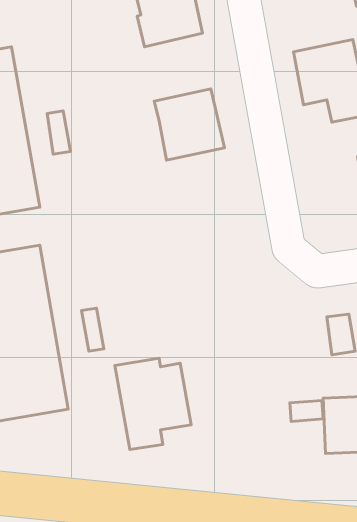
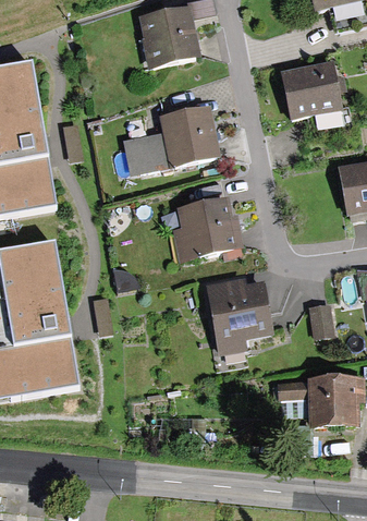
building: none -> [122,132,168,174]
building: none -> [171,195,244,259]
building: [115,358,191,449] -> [205,275,272,355]

